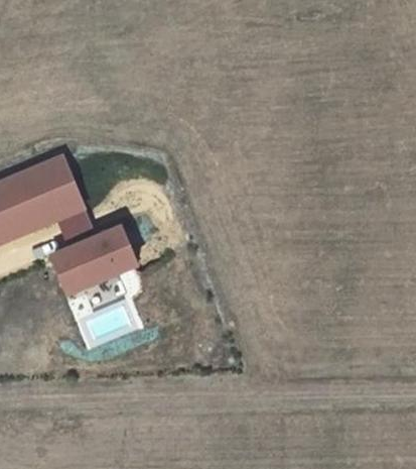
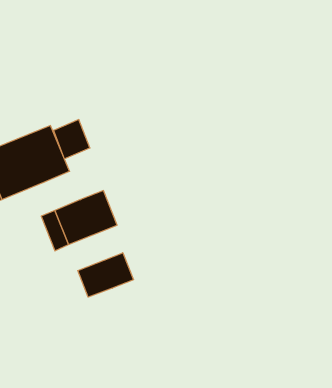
building: [55,207,96,250] -> [53,120,90,159]
building: none -> [78,253,134,297]

